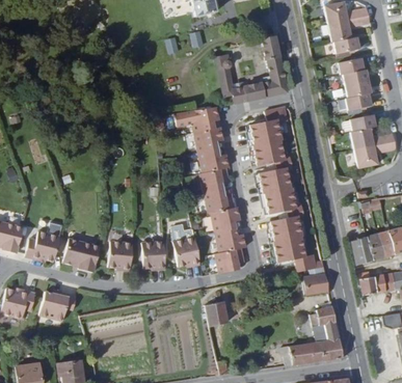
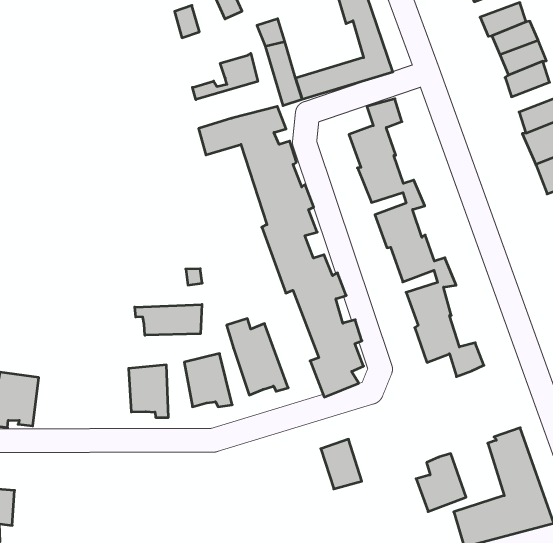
building: none -> [192,53,258,100]
building: none -> [135,304,202,335]
building: [62,237,100,270] -> none
building: [298,263,325,294] -> [416,454,466,512]
building: [41,293,77,322] -> none

